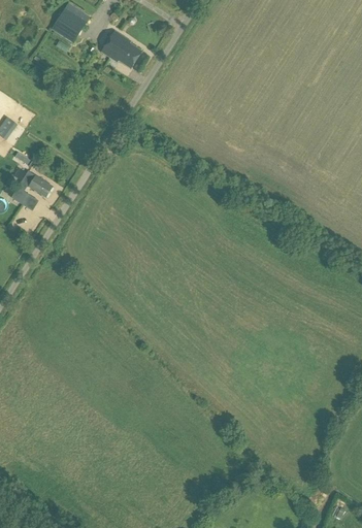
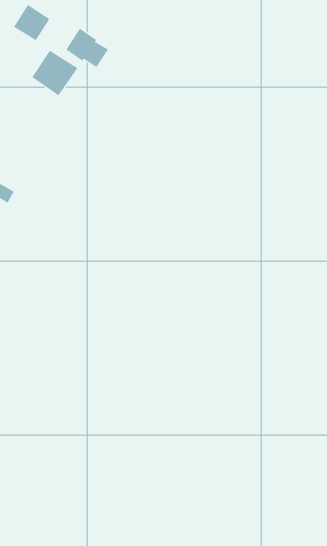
building: none -> [32,50,78,96]

